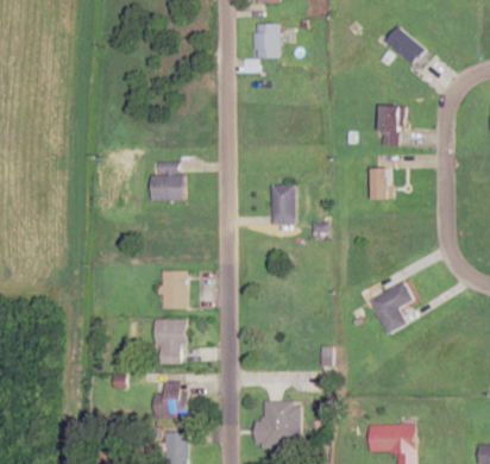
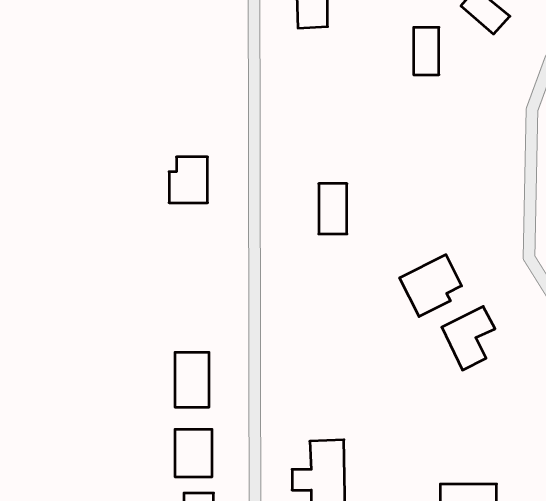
building: [381,107,401,145] -> [414,27,439,75]
building: [373,167,391,199] -> none
building: none -> [400,255,462,317]
building: [162,270,187,308] -> none

